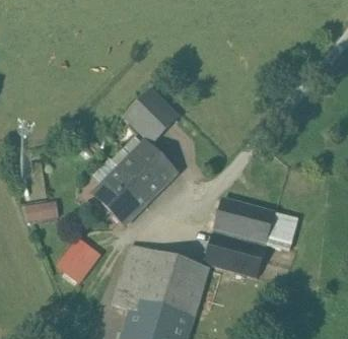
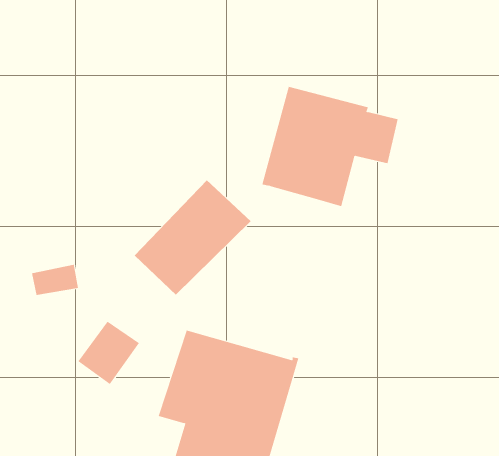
building: [127,90,177,140] -> none
building: [204,196,297,278] -> [261,86,398,207]

